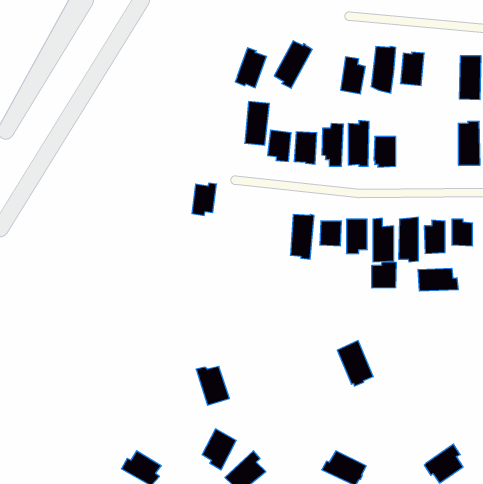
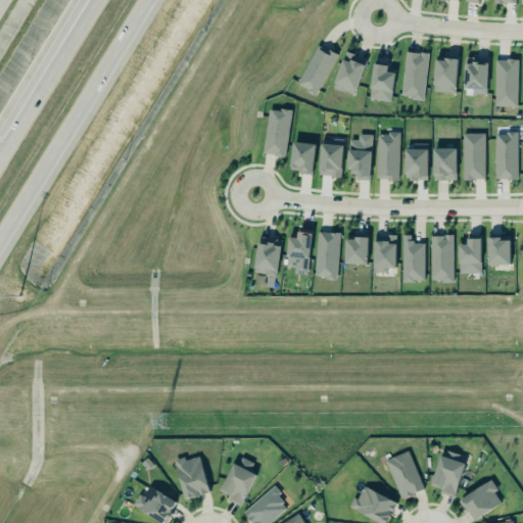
building: [235,48,267,88] -> [333,51,367,94]
building: none -> [465,56,488,94]
building: none -> [463,133,484,180]
building: none -> [433,147,457,180]
building: [192,183,217,215] -> [254,239,281,274]
building: none -> [287,233,314,276]
building: [372,262,396,288] -> none
building: [418,268,458,291] -> none
building: [337,341,373,386] -> [385,450,424,500]
building: [196,366,229,405] -> [175,458,210,500]
building: none -> [430,456,465,497]

